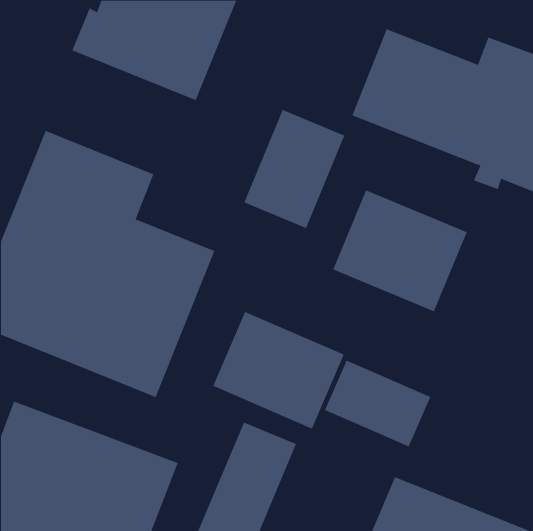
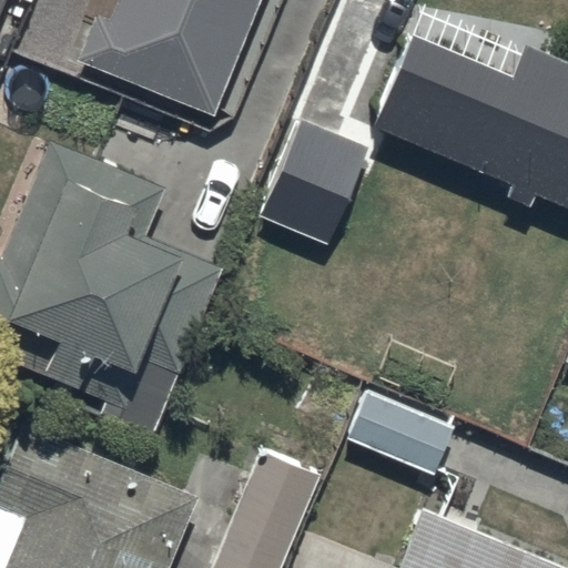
building: [332,189,467,312] -> none
building: [212,311,345,429] -> none

